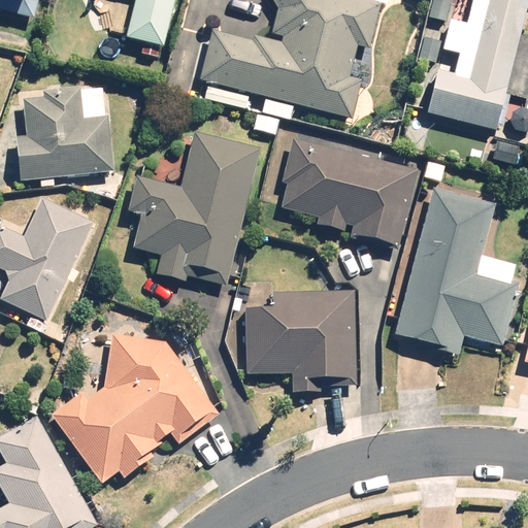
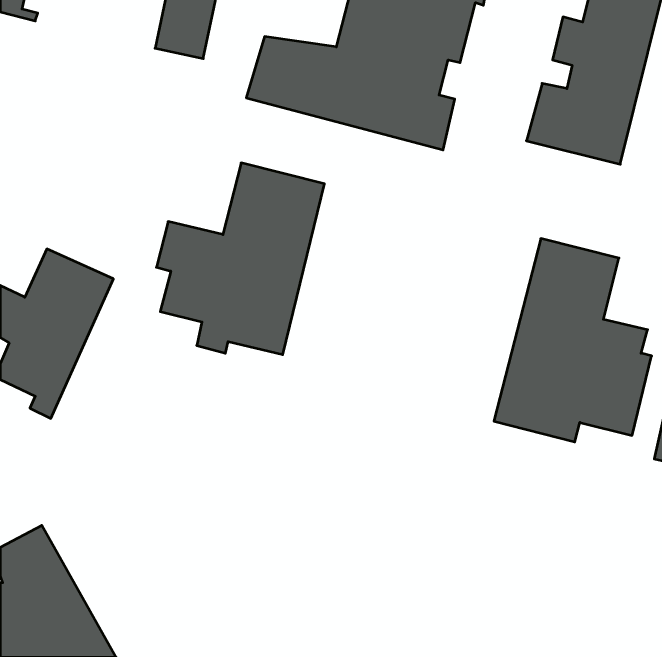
building: [15,86,110,176] -> none
building: [279,136,418,251] -> none
building: [242,291,356,392] -> none
building: [48,333,217,481] -> none

